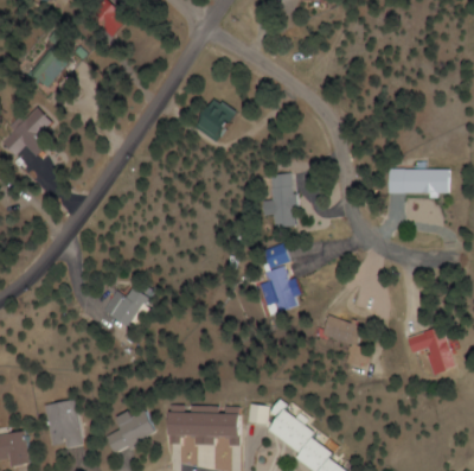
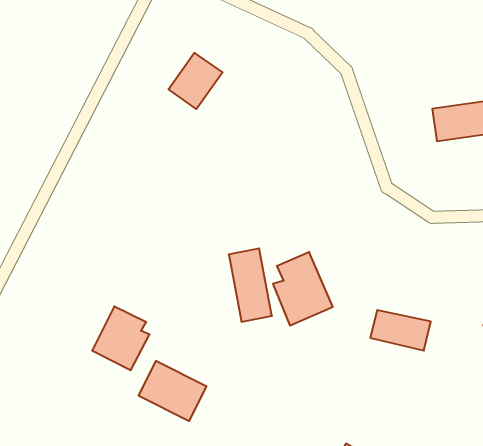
building: [267,174,293,228] -> [229,248,272,322]
building: none -> [139,361,206,421]

